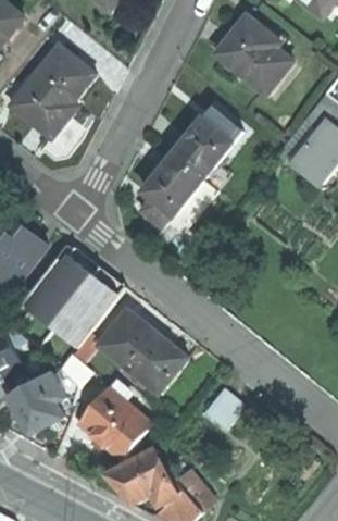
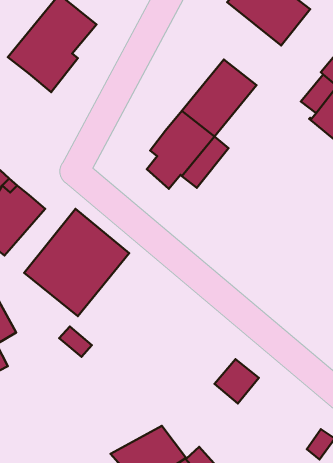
building: [99,311,184,393] -> none
building: [9,373,65,436] -> none
building: [76,380,150,459] -> none

